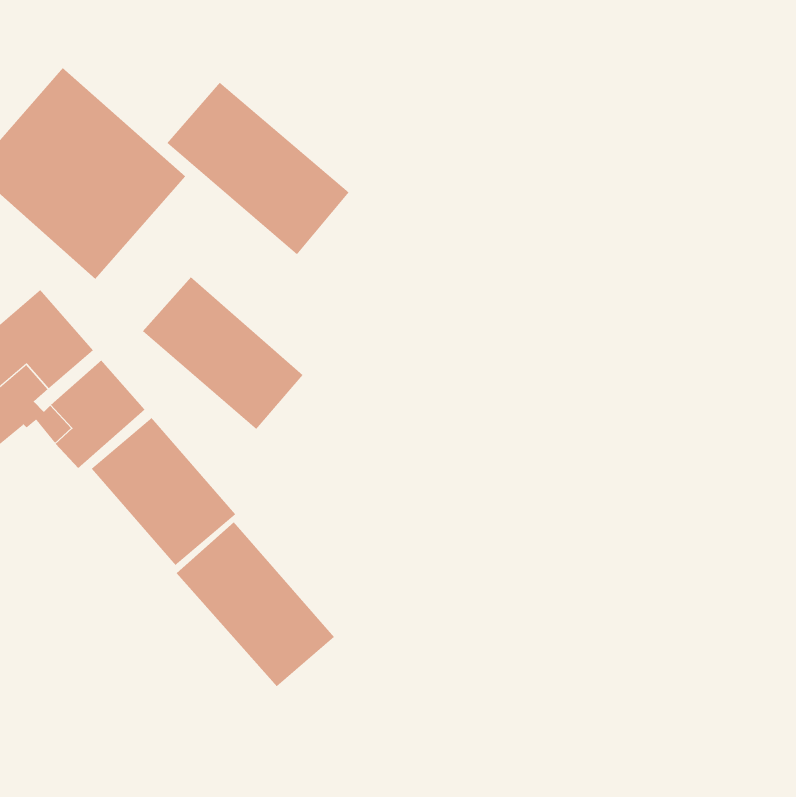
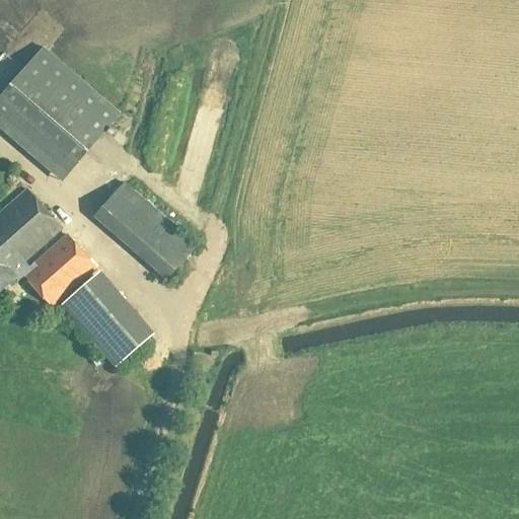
building: [167,82,350,255] -> none
building: [176,521,335,687] -> none

